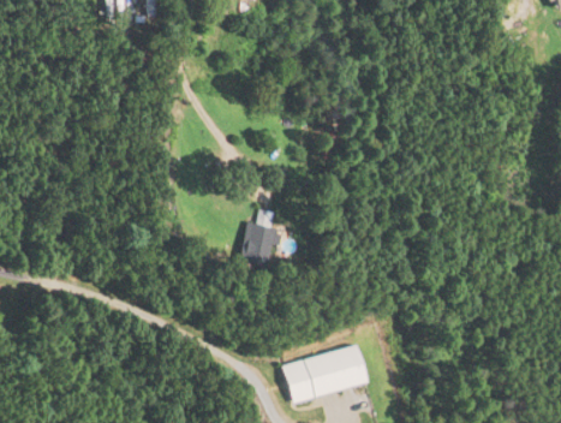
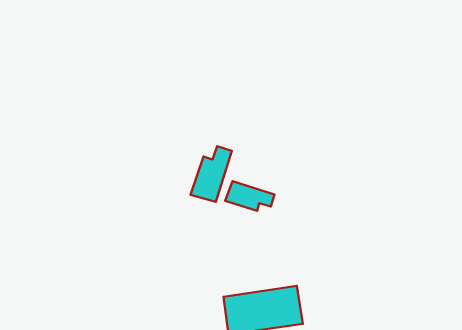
building: none -> [225,181,274,211]

